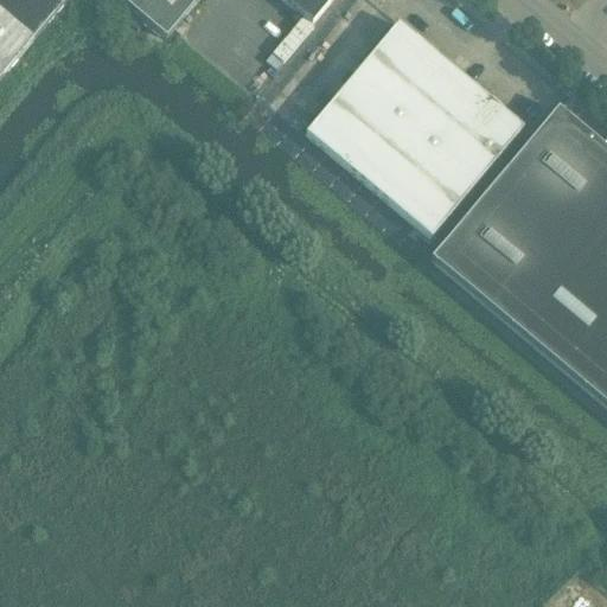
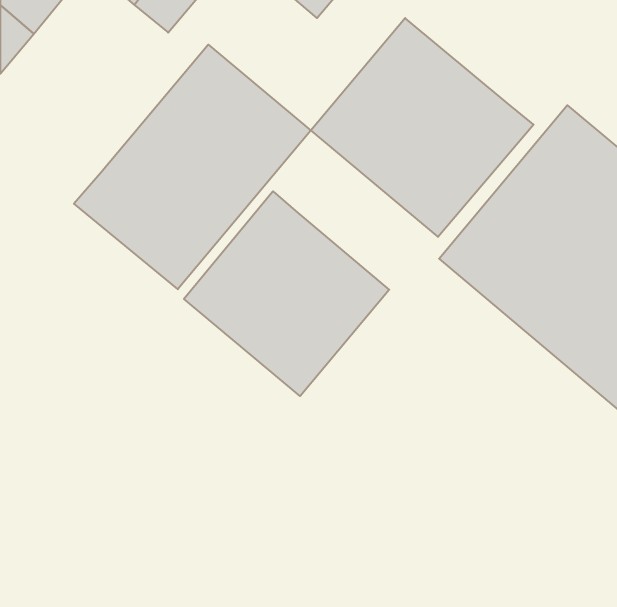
building: none -> [74,45,311,289]
building: none -> [184,191,389,396]

